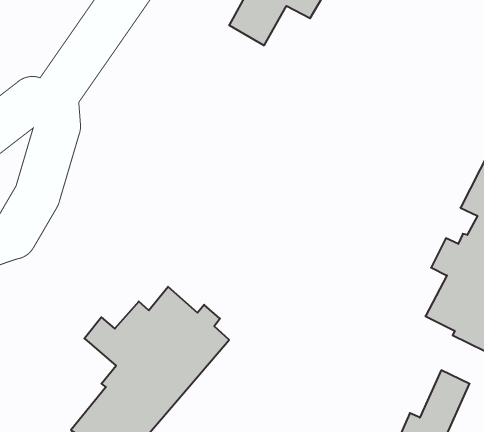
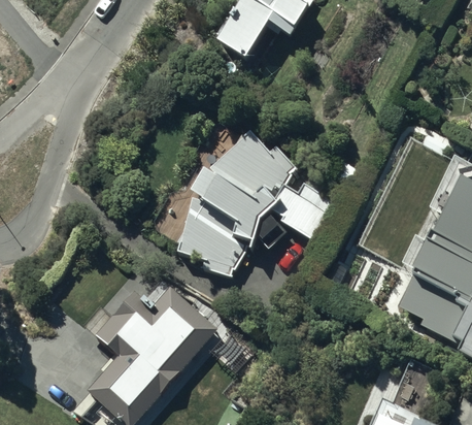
building: none -> [179,131,335,275]

